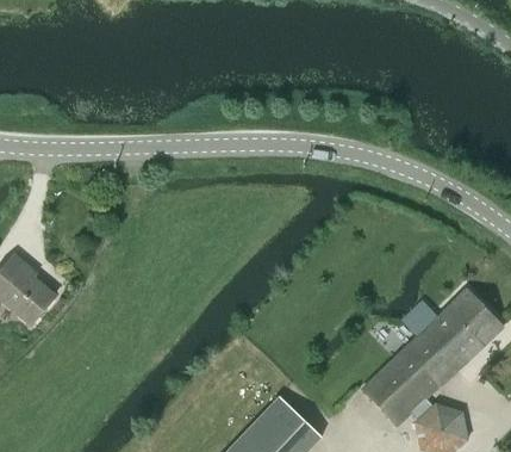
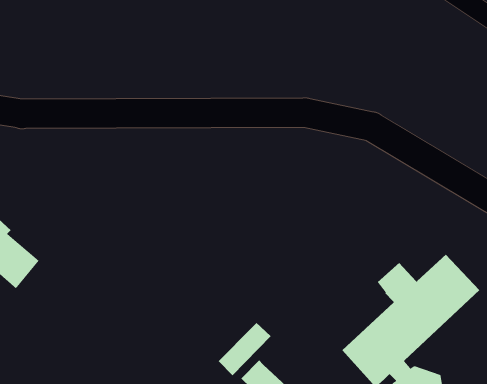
building: none -> [218,322,271,376]

